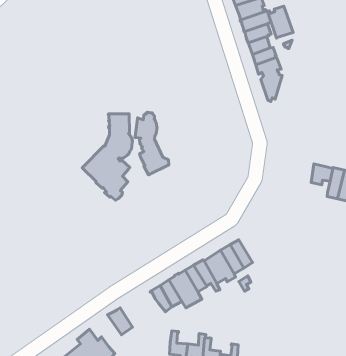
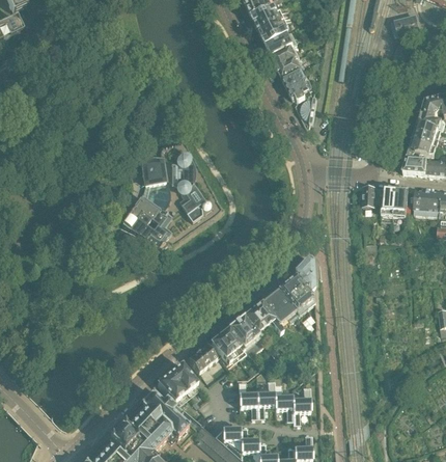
building: [268,6,293,38] -> none
building: none -> [294,257,313,299]
building: none -> [187,343,216,371]
building: none -> [157,373,186,401]

